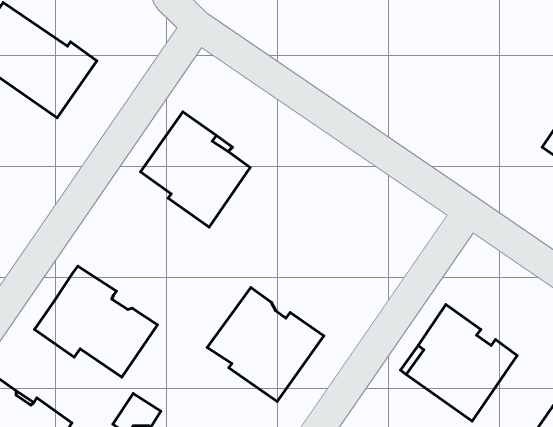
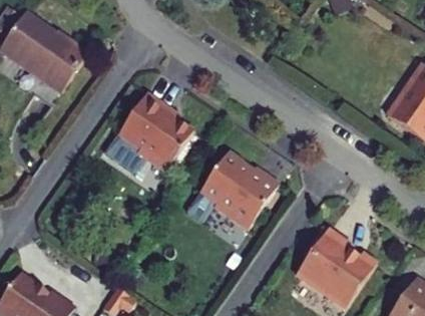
building: [34,266,157,377] -> none
building: [207,288,324,401] -> [197,149,278,228]

